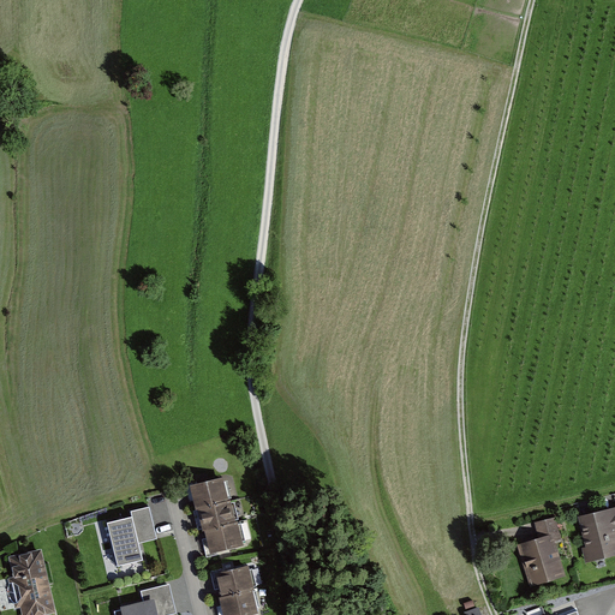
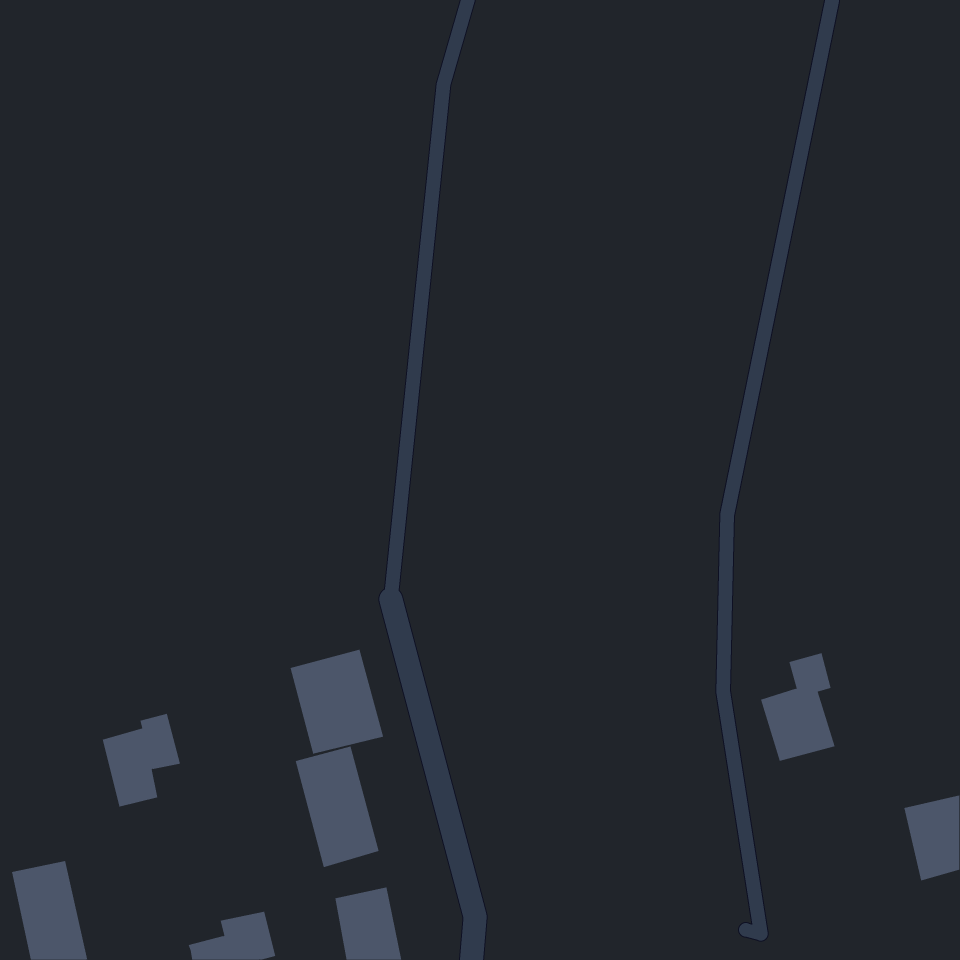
building: none -> [290,649,384,755]
building: [107,506,157,566] -> [102,713,181,807]
building: [518,518,566,587] -> [760,652,835,761]

